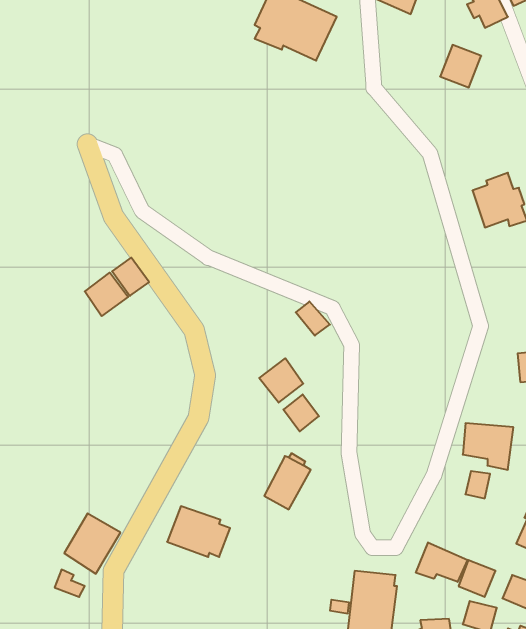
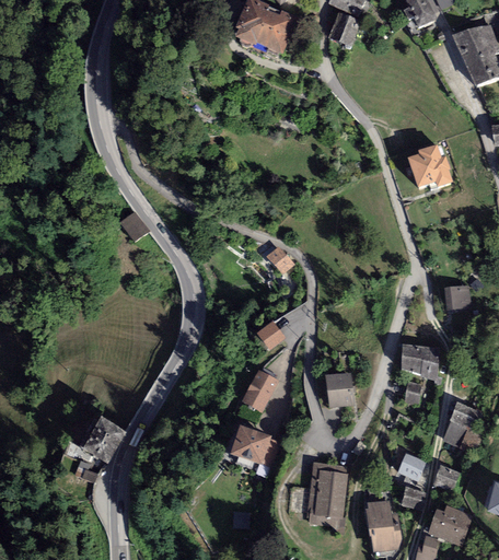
building: [440,45,481,87] -> [327,12,360,46]
building: [85,273,128,316] -> none
building: [259,358,303,403] -> none
building: none -> [324,371,353,408]
building: [167,506,230,557] -> [228,424,278,465]
building: [416,542,468,582] -> none

